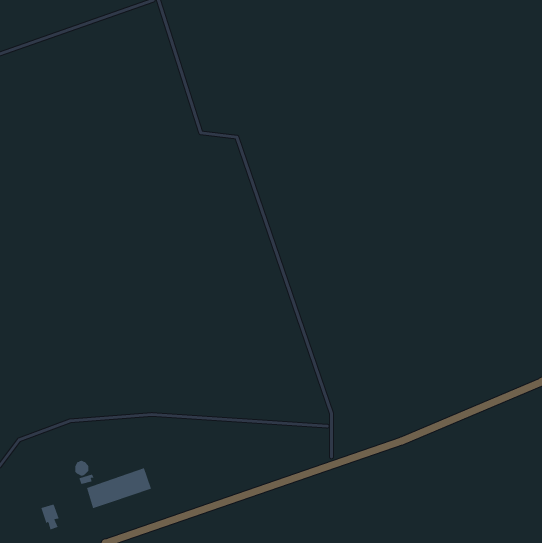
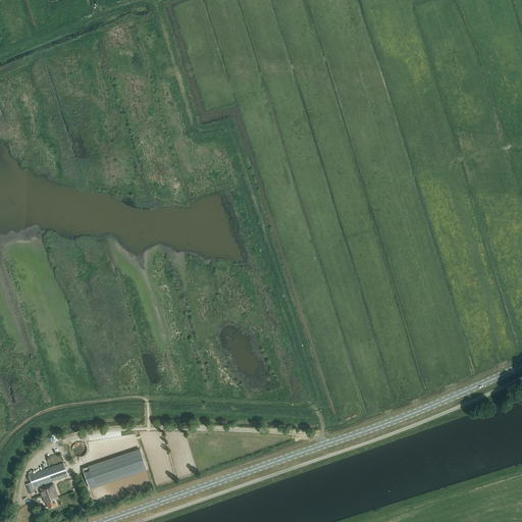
building: none -> [24,463,67,494]

